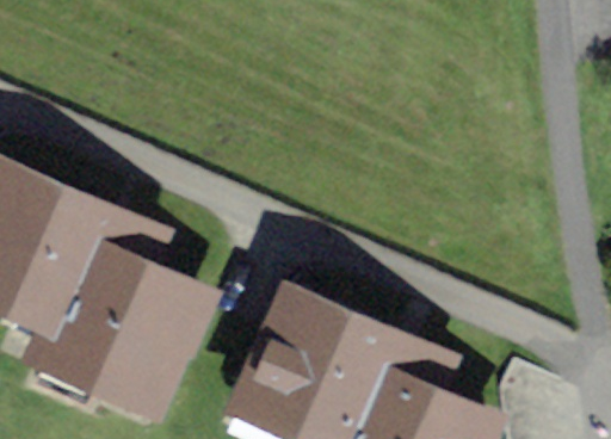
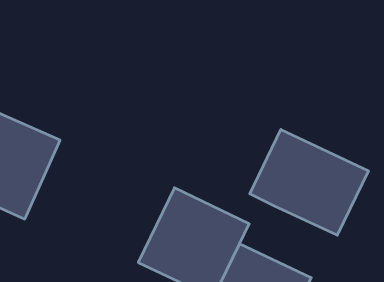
building: none -> [250,129,368,235]
building: [57,248,211,414] -> none

